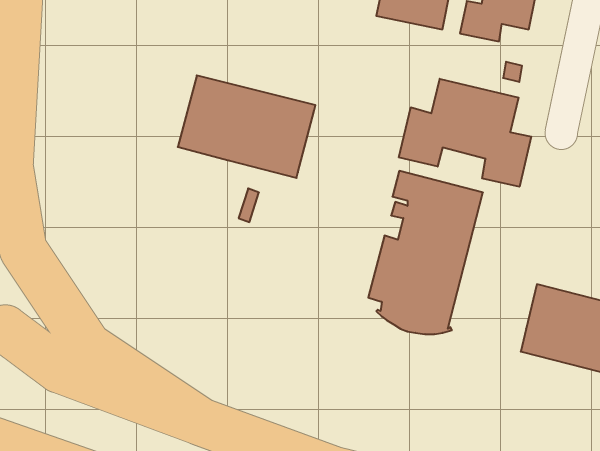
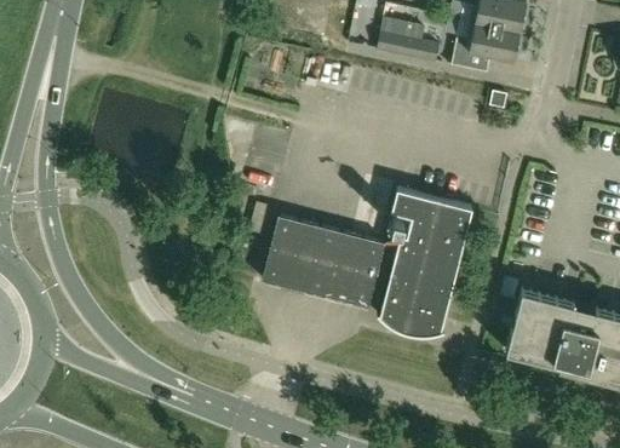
building: [178,75,315,178] -> [262,216,385,308]
building: [399,79,531,187] -> none

